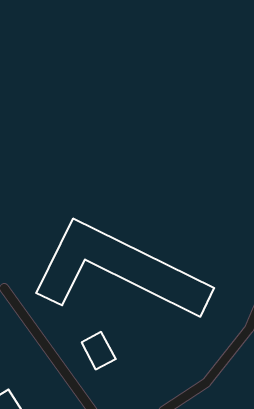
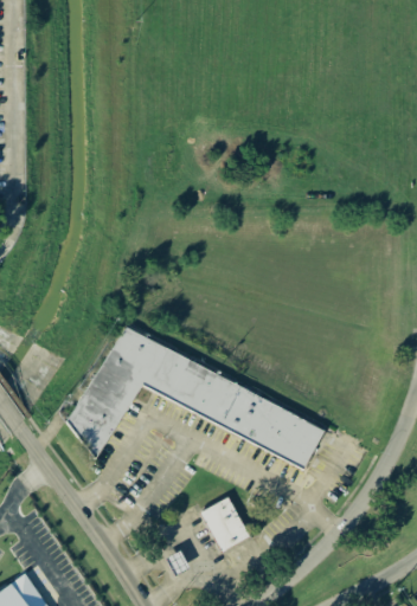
building: [82,332,116,369] -> [200,496,250,550]

